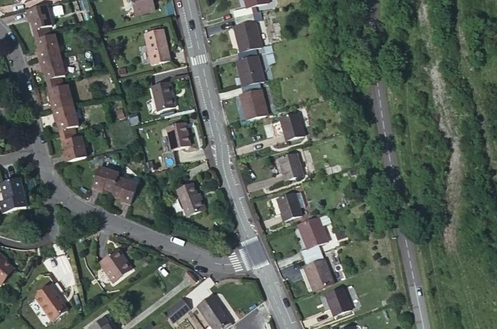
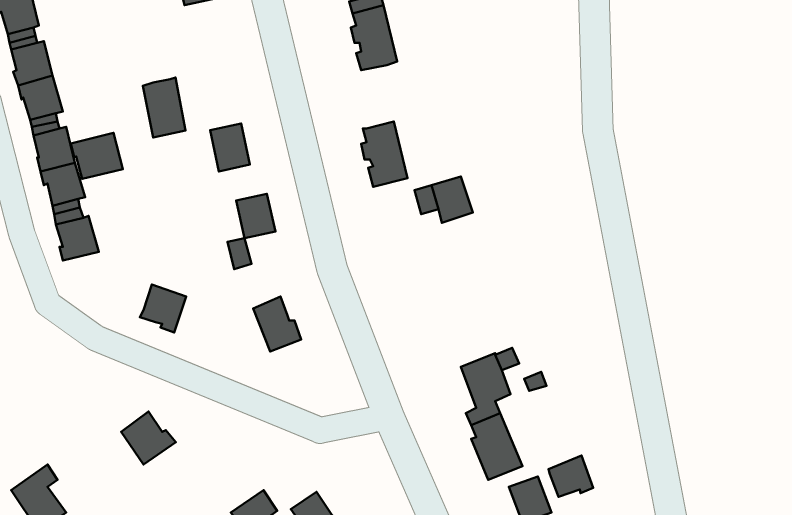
building: [145,29,170,64] -> [143,77,186,137]
building: [237,48,264,85] -> none
building: none -> [71,133,123,179]
building: [279,153,303,180] -> none
building: [92,165,119,191] -> none
building: [277,191,305,220] -> none
building: none -> [548,456,593,497]

